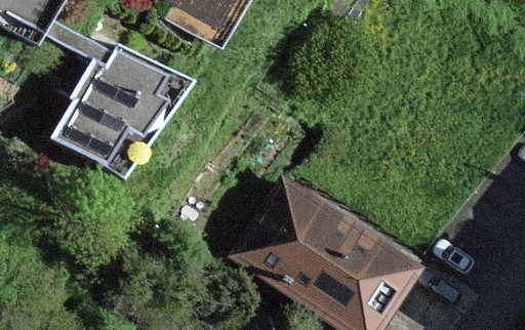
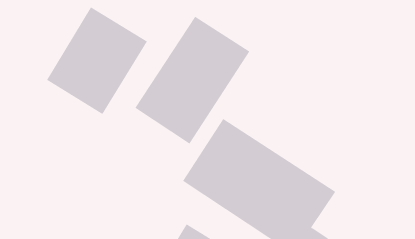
building: none -> [135,16,250,144]

